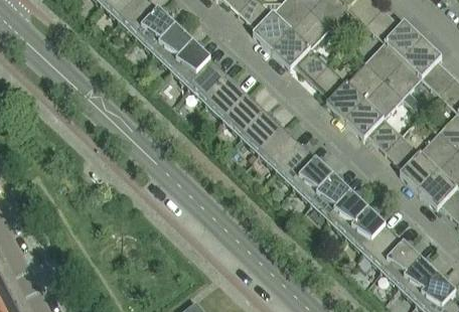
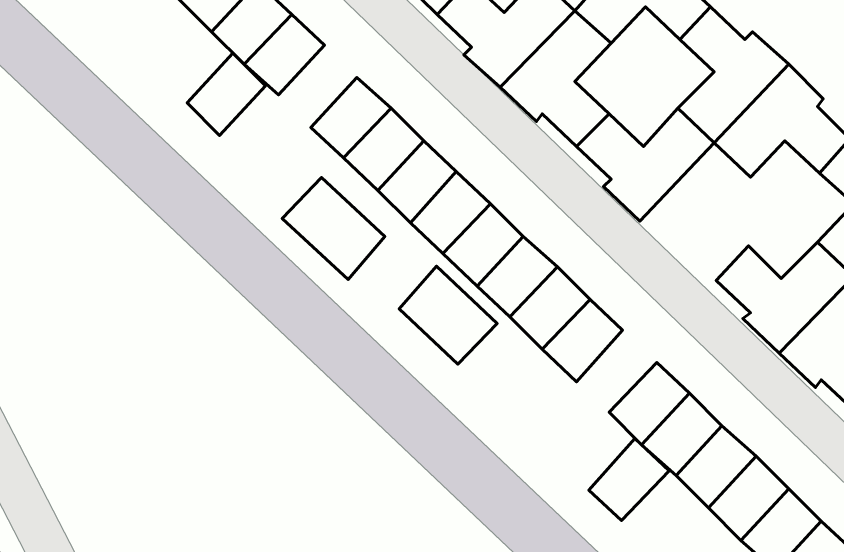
building: [155,27,196,70] -> [187,53,265,135]
building: [345,79,404,151] -> none
building: none -> [282,178,385,280]
building: none -> [399,266,497,364]
building: [312,177,354,220] -> [589,438,669,521]

